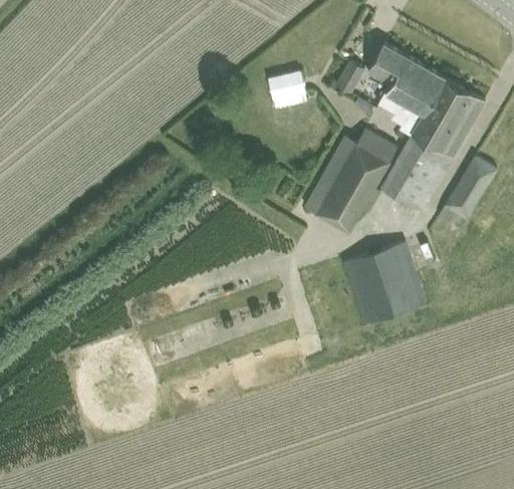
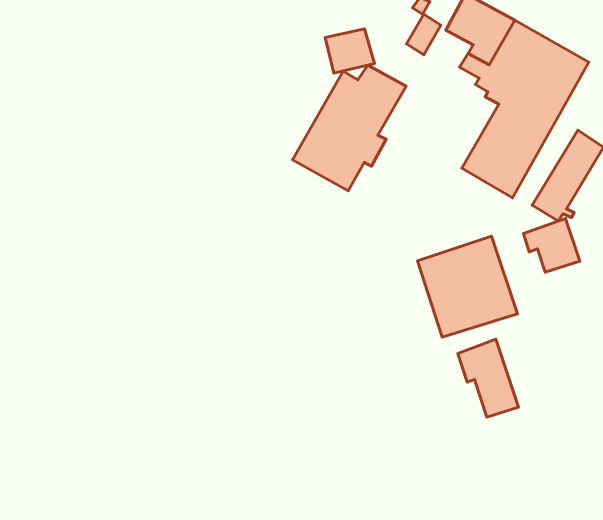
building: [304,130,397,232] -> [293,65,406,191]
building: none -> [524,219,580,272]
building: none -> [458,339,519,417]

